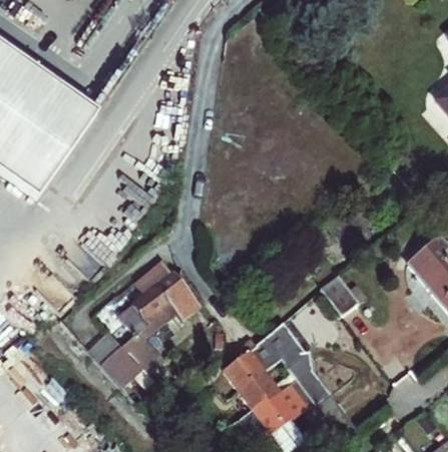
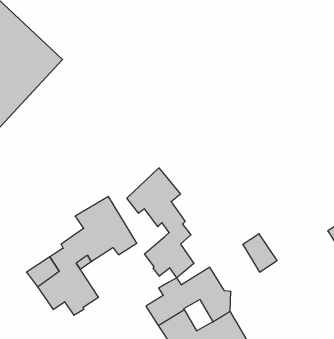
building: none -> [127,168,194,278]

